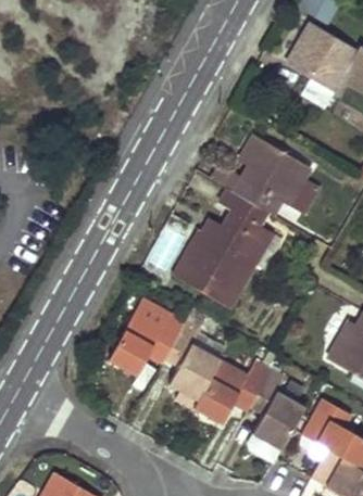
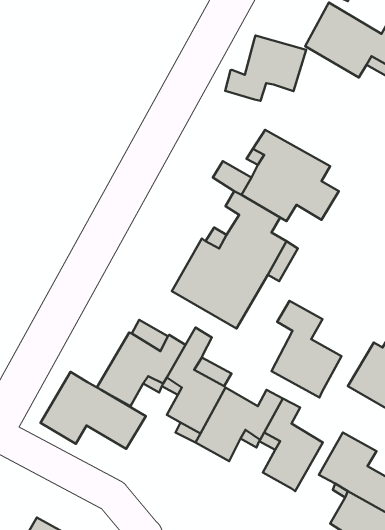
building: none -> [225,36,306,101]
building: none -> [272,301,342,397]
building: none -> [41,372,146,449]

